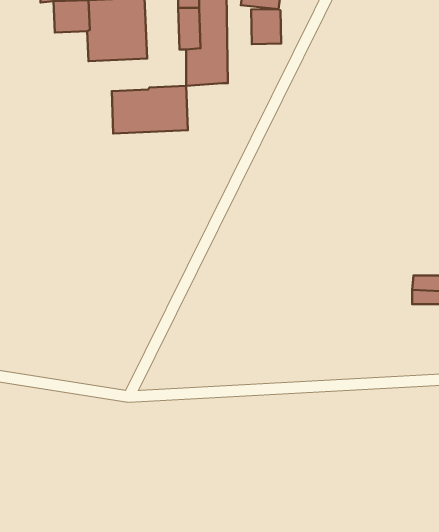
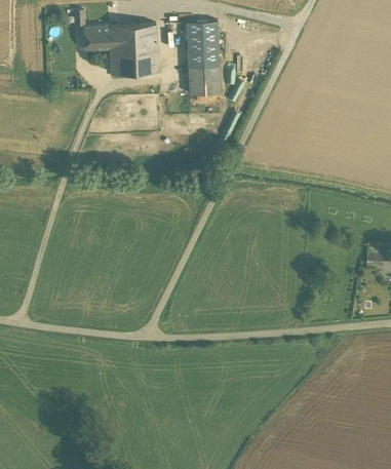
building: [251,9,281,44] -> none
building: [112,86,188,133] -> none

